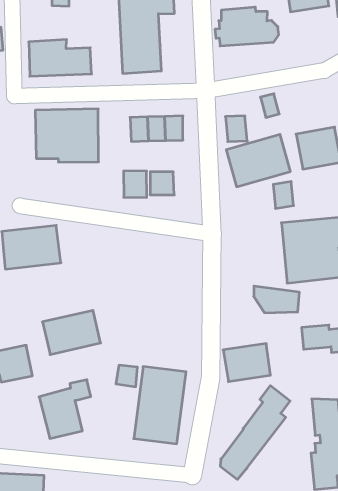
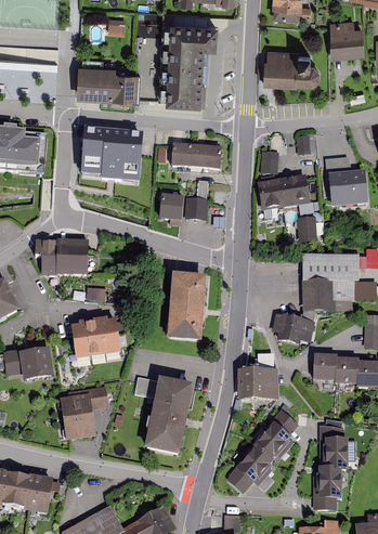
building: none -> [165,273,204,341]

